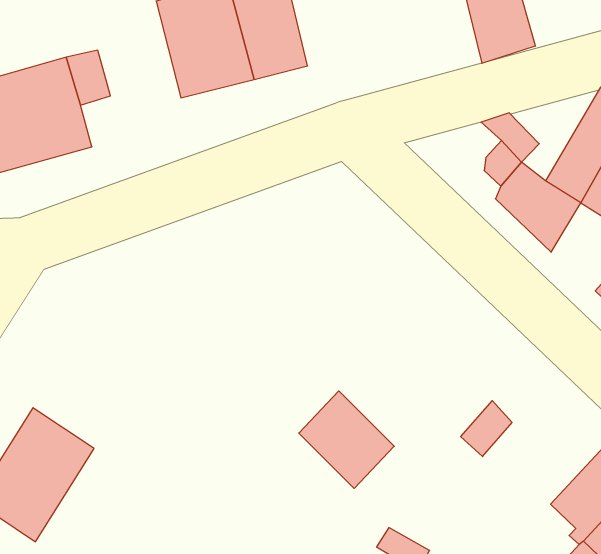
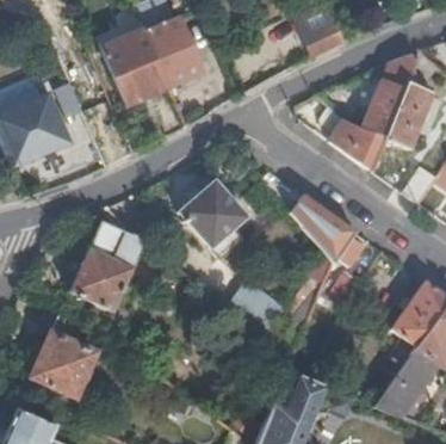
building: none -> [178,179,247,259]
building: none -> [289,193,348,260]
building: none -> [70,222,142,310]

